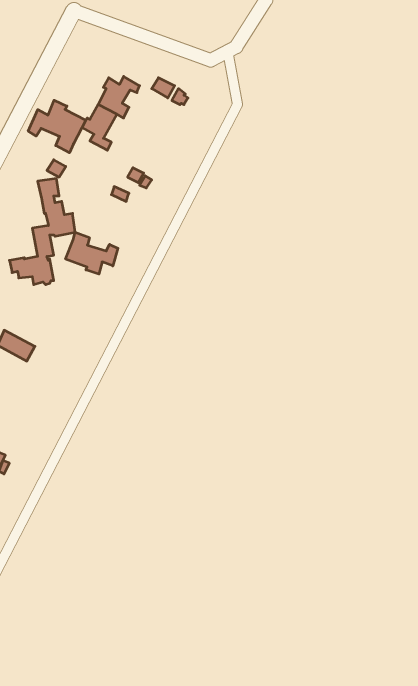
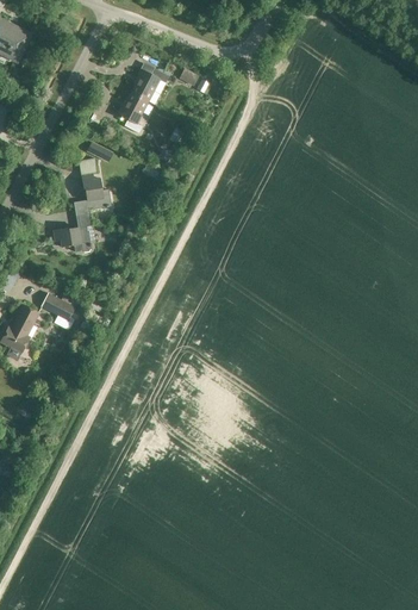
building: [28,100,86,153] -> none
building: [66,232,118,274] -> none

